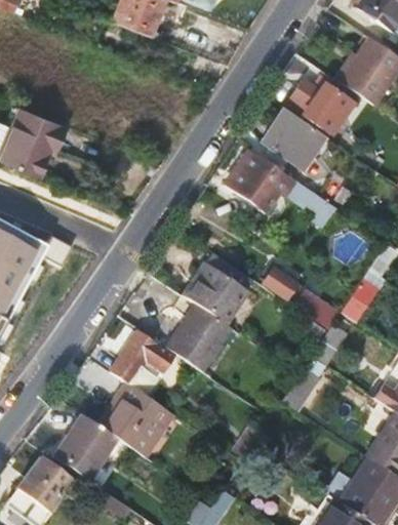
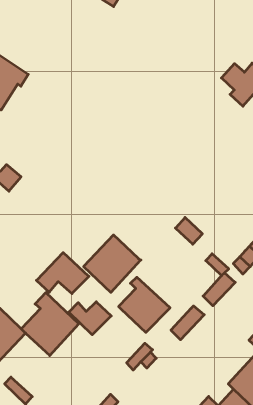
building: [261,109,326,170] -> none
building: [225,149,337,220] -> none
building: [192,262,252,325] -> [119,277,170,332]
building: none -> [69,302,111,335]

